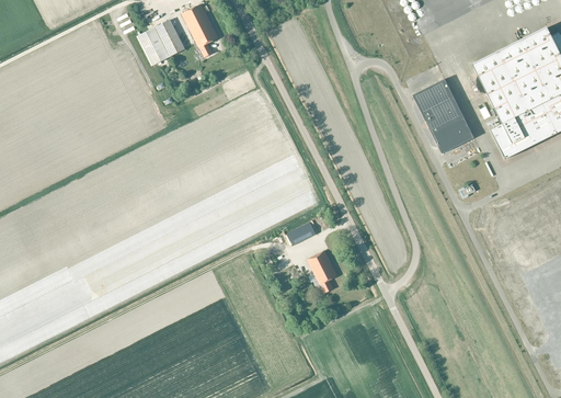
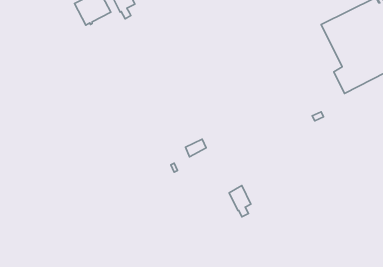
building: [412,78,473,153] -> none
building: [307,250,336,293] -> [229,186,251,217]

